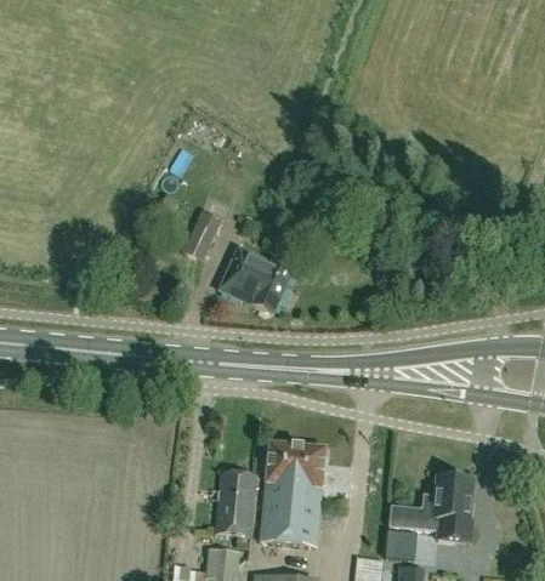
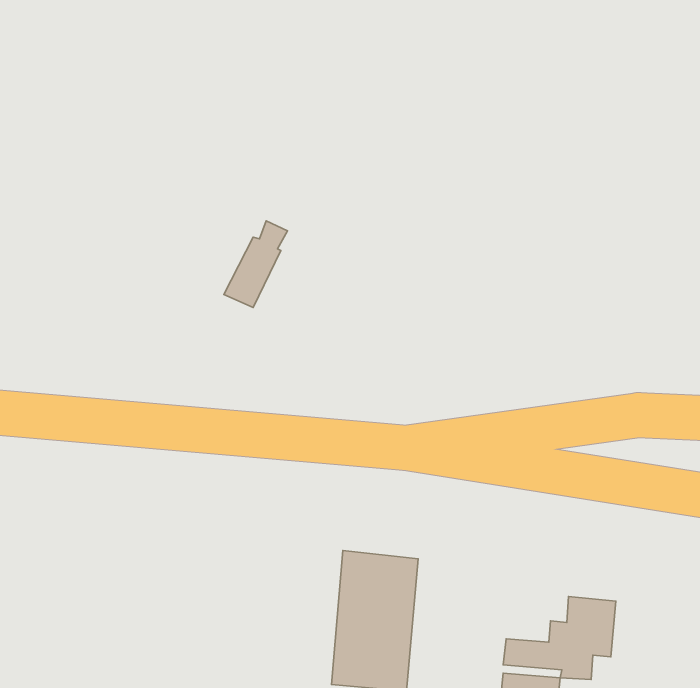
building: [220,246,291,313] -> none
building: [215,469,257,534] -> none

